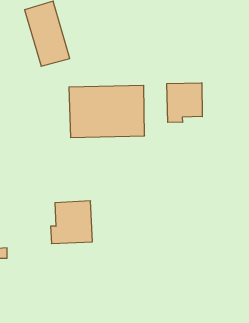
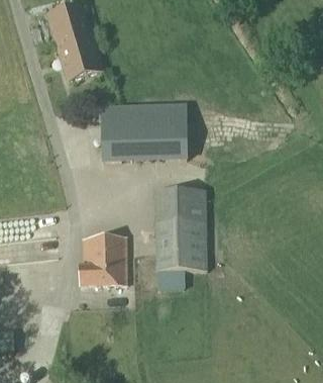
building: [167,83,202,122] -> none
building: none -> [153,188,208,285]

